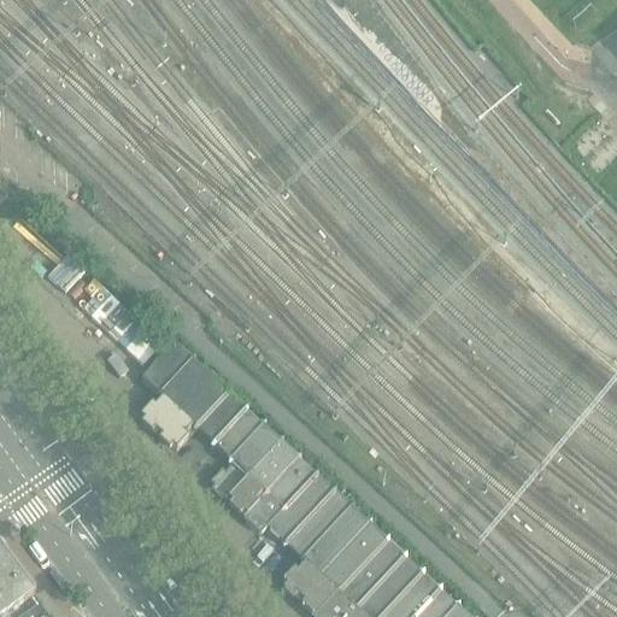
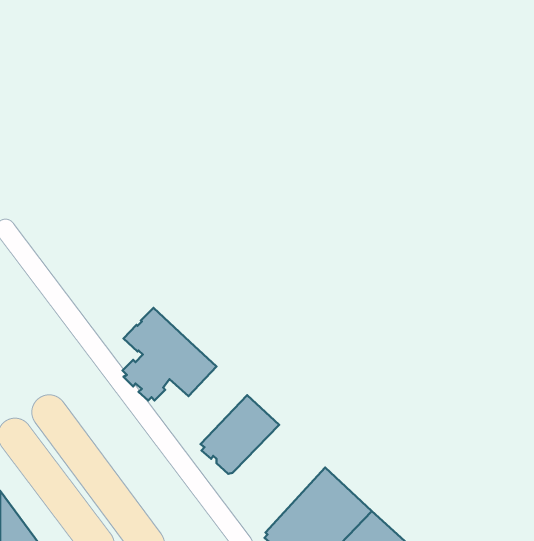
building: [222,418,292,506] -> none
building: [277,484,380,606] -> none

